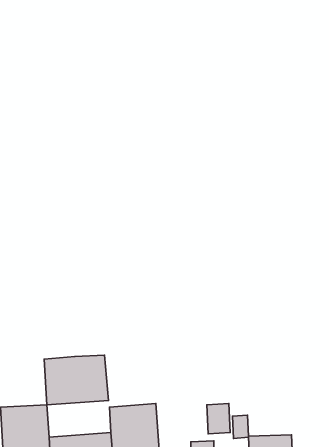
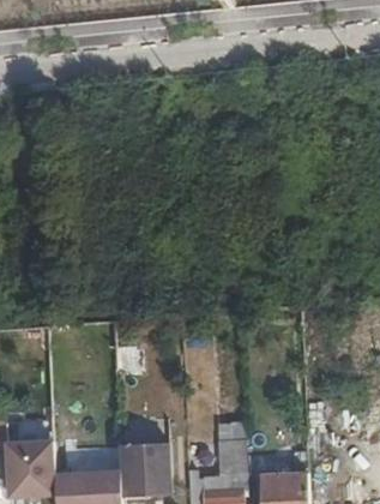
building: [44,355,109,405] -> none

